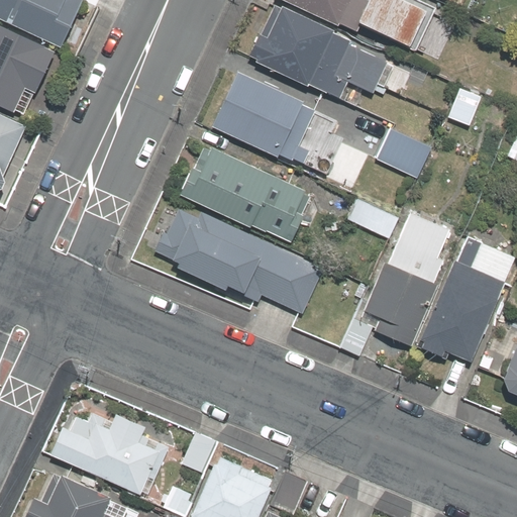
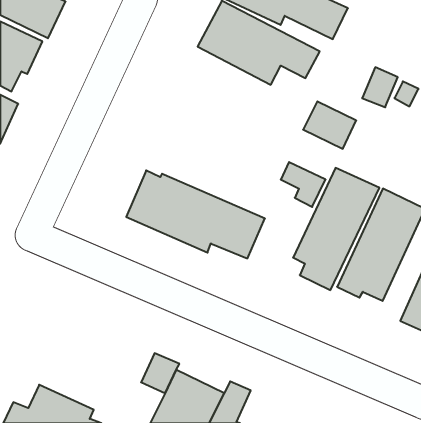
building: [208,71,316,171] -> none
building: [178,140,309,242] -> none
building: [45,401,173,499] -> none

